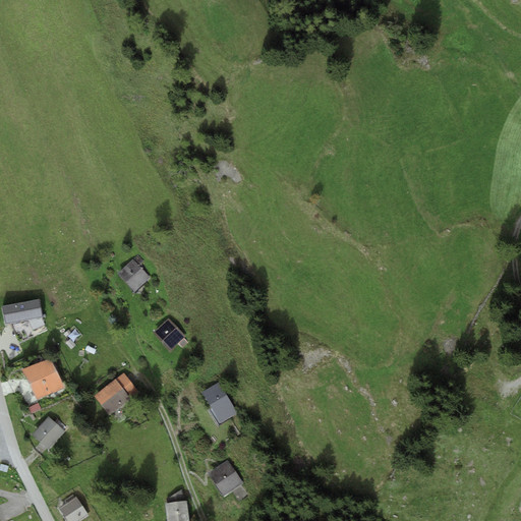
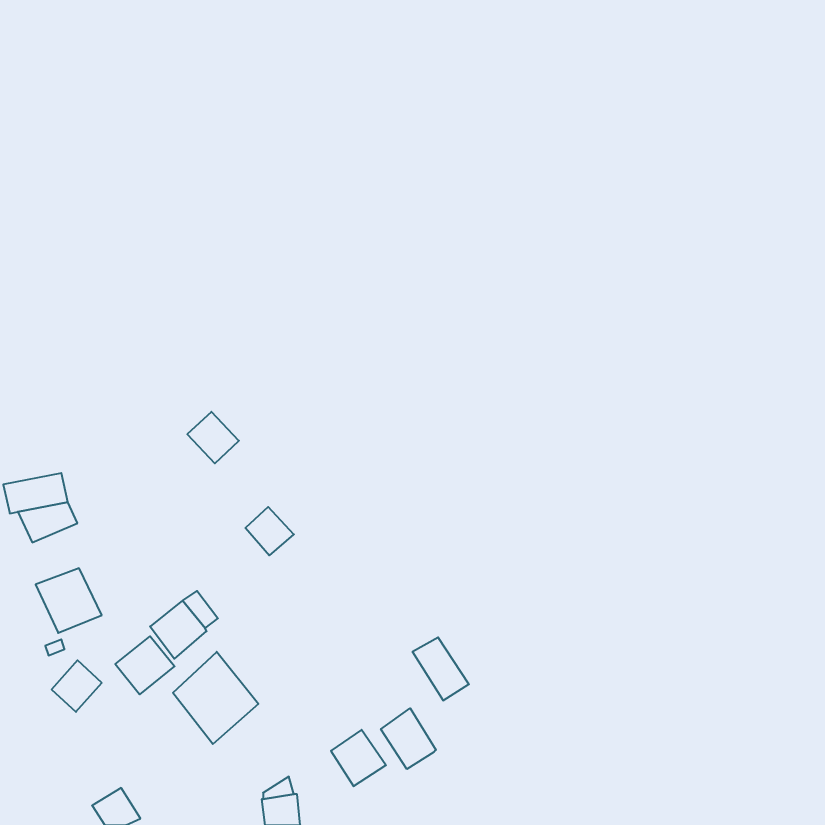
building: [201,383,237,422] -> [412,637,469,700]
building: none -> [115,636,175,694]
building: none -> [173,652,258,744]
building: none -> [381,708,436,769]

